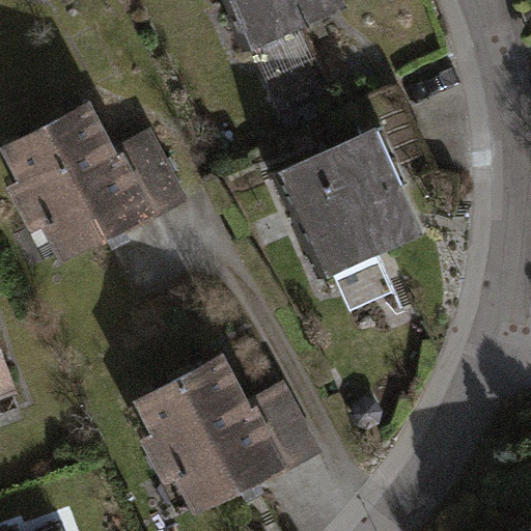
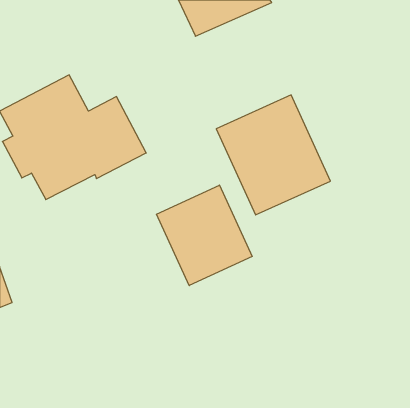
building: none -> [157,185,252,286]
building: [133,354,322,515] -> none

